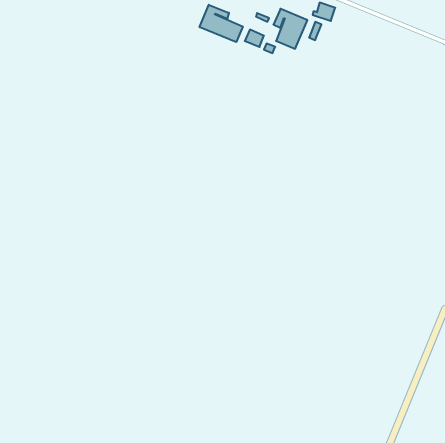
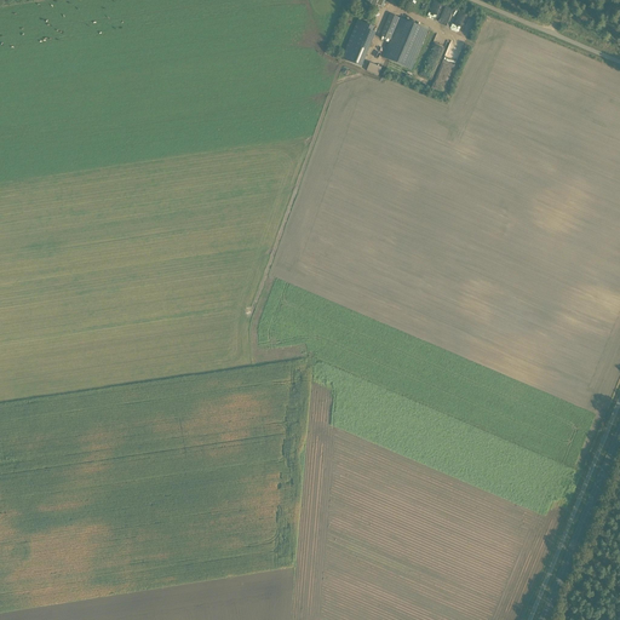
building: [200,5,243,42] -> none

